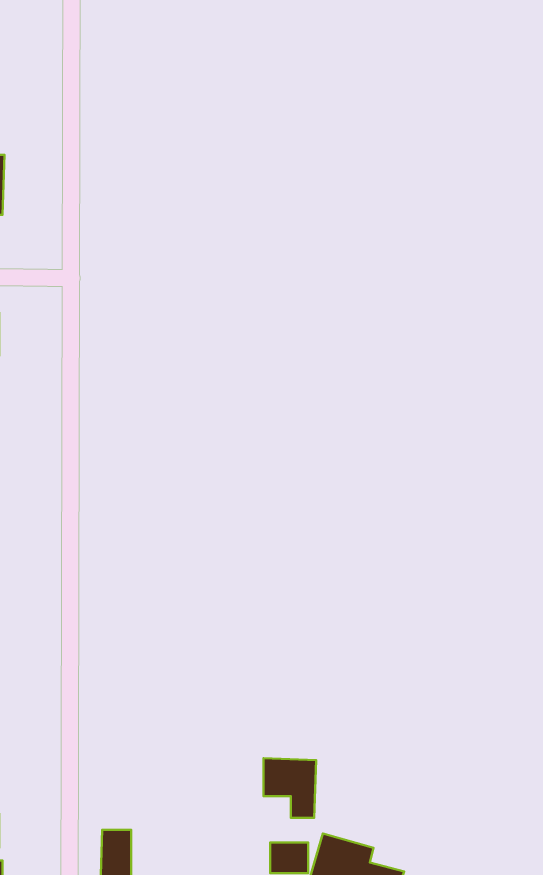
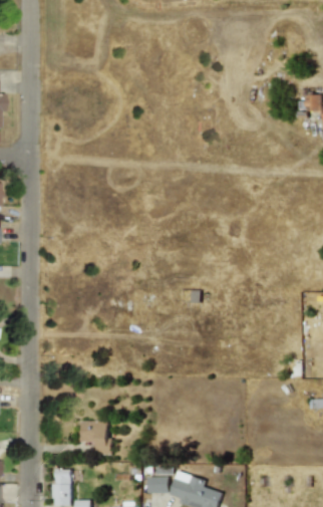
building: [264,758,316,818] -> [85,421,114,454]

